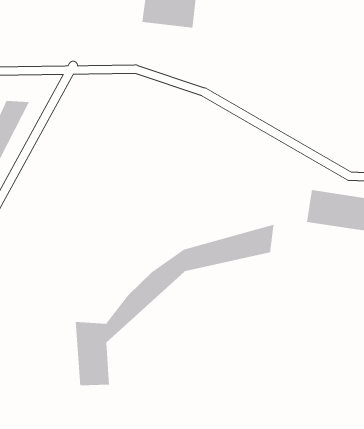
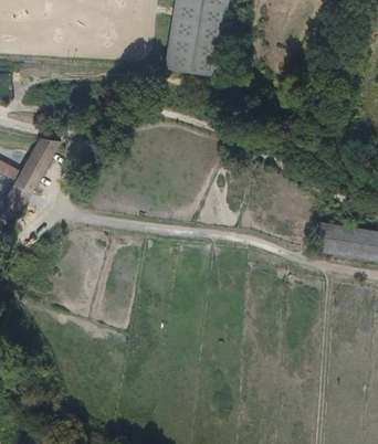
building: [75,224,274,386] -> none

